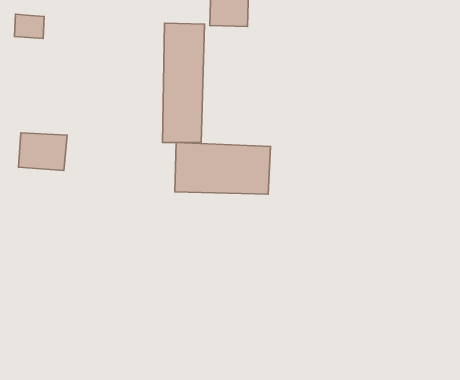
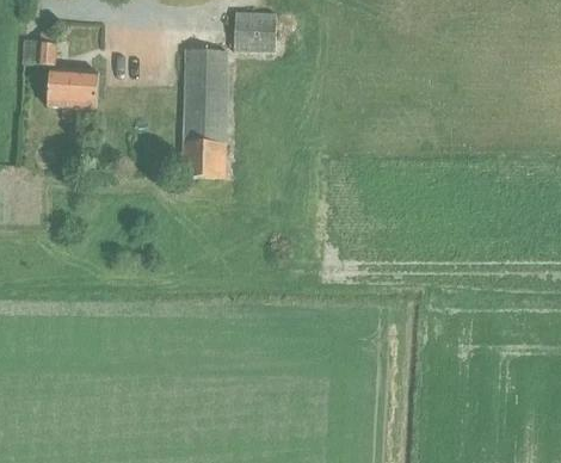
building: [19,133,67,171] -> [47,67,99,107]
building: [175,143,270,194] -> none

